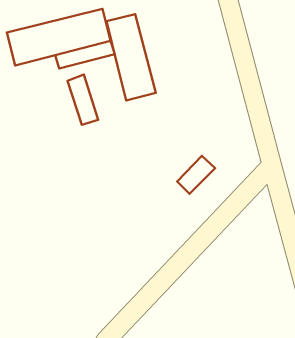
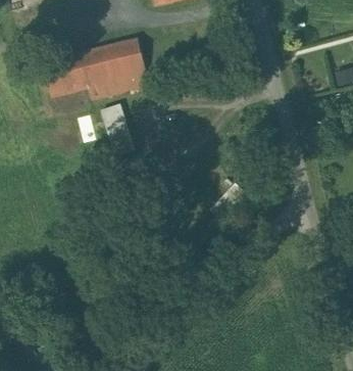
building: [107,14,156,100] -> none

